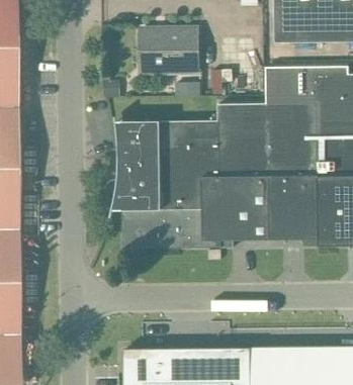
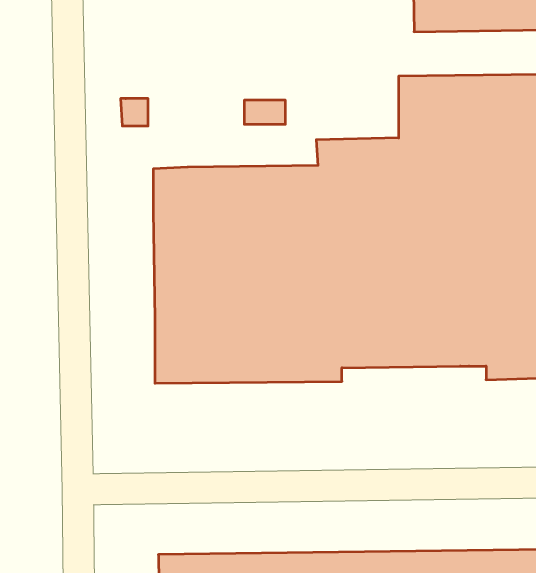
building: [143,30,197,71] -> none

